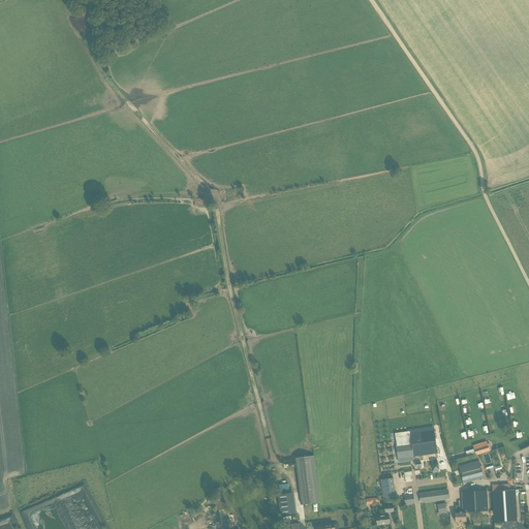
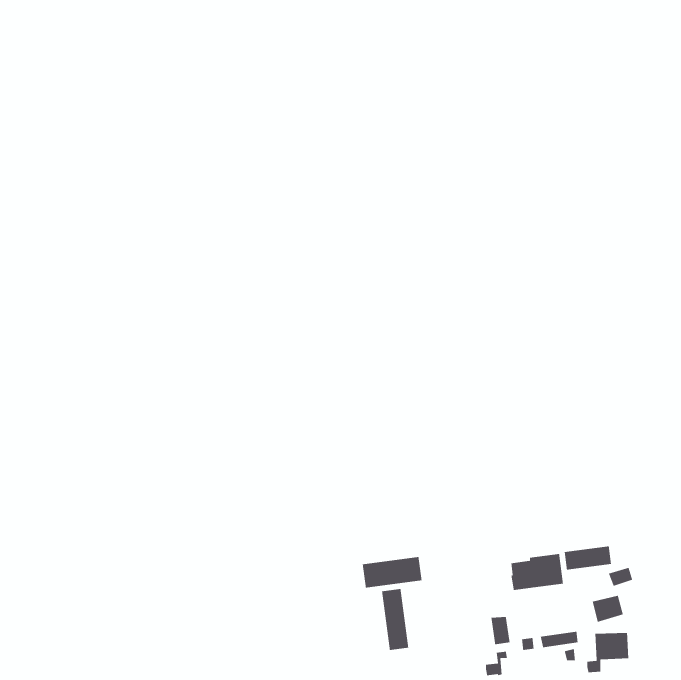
building: none -> [564,546,612,570]
building: none -> [362,556,422,589]
building: [492,484,517,523] -> none

